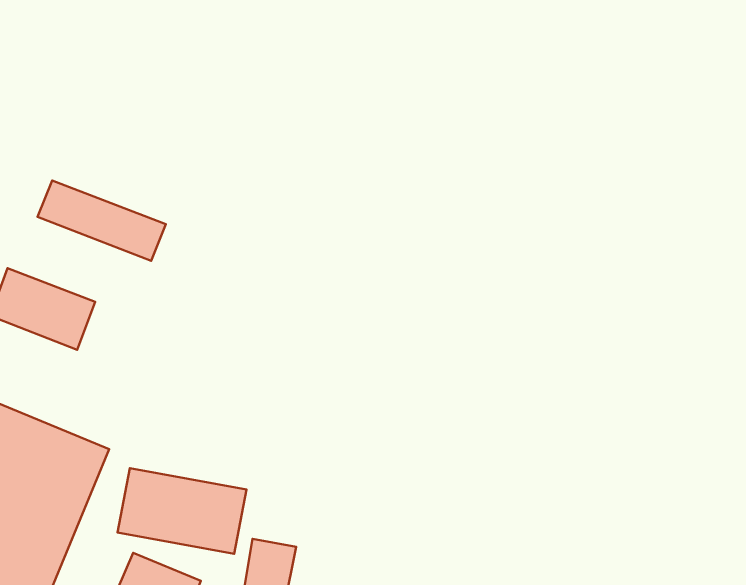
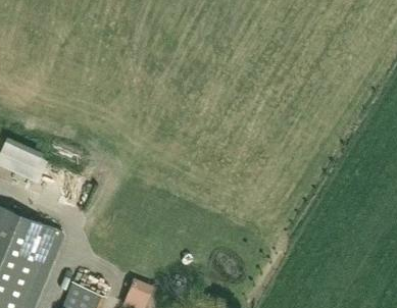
building: [37,180,166,261] -> none
building: [118,468,246,554] -> none

